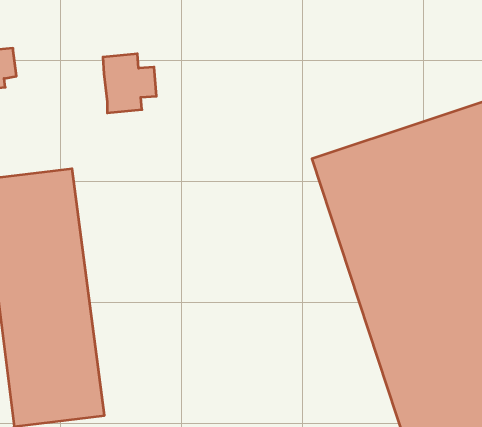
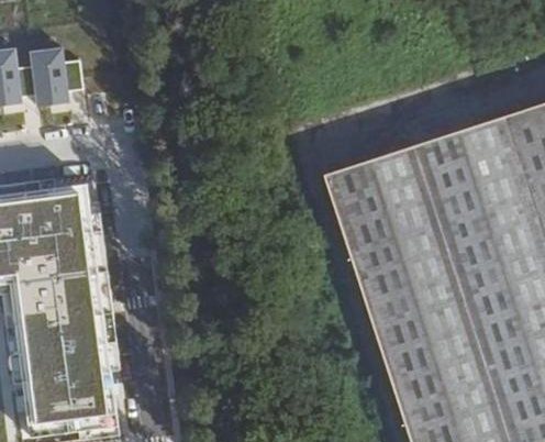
building: [103,54,156,113] -> [30,46,82,104]

